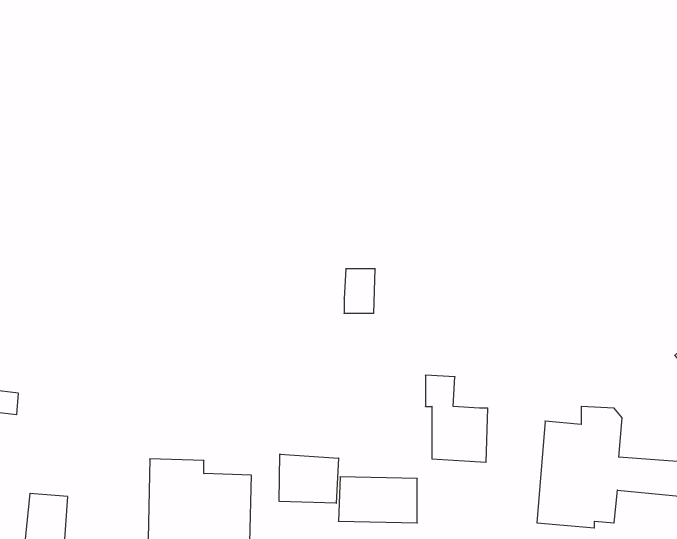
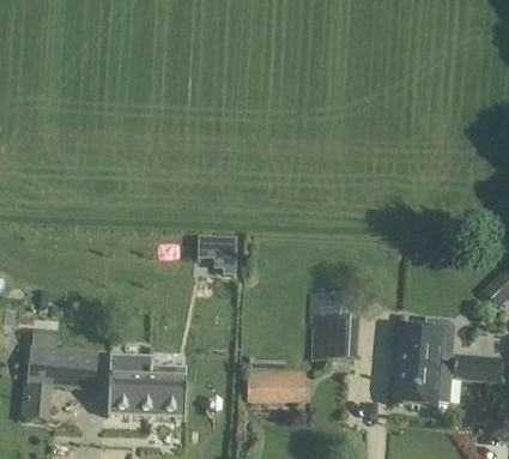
building: [344,269,375,313] -> [213,232,236,265]
building: none -> [25,344,97,386]
building: [279,454,339,503] -> none

